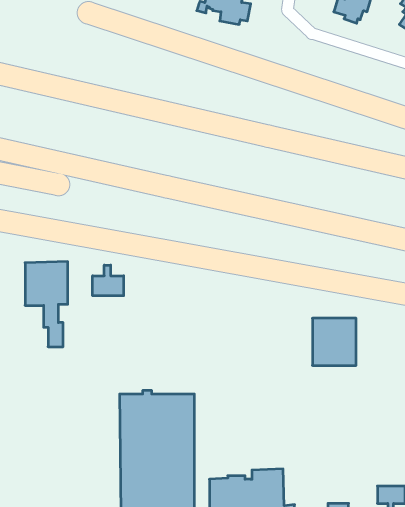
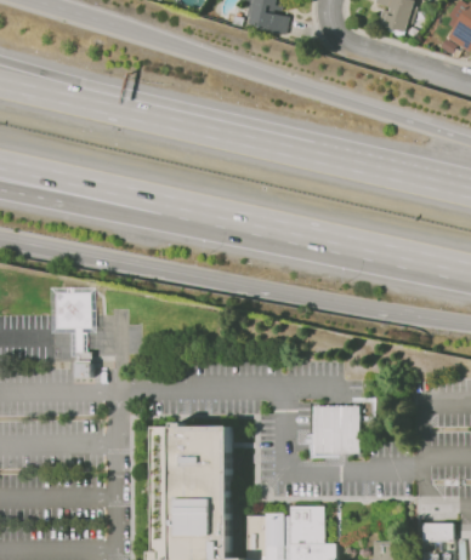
building: [93,265,124,296] -> none
building: [312,318,356,365] -> [312,405,358,455]

